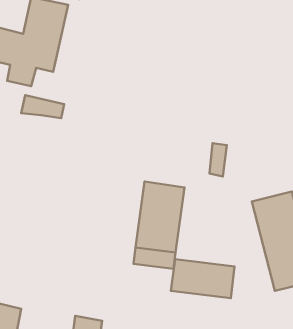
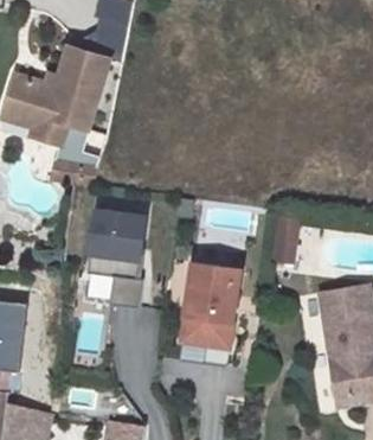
building: none -> [88,210,143,307]
building: [171,259,234,298] -> none

